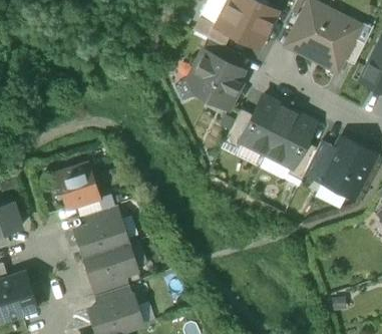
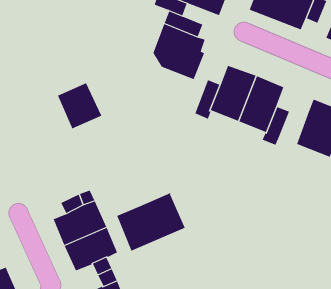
building: [305,142,336,182] -> none
building: [57,163,99,208] -> [57,82,102,129]
building: none -> [117,192,185,252]

